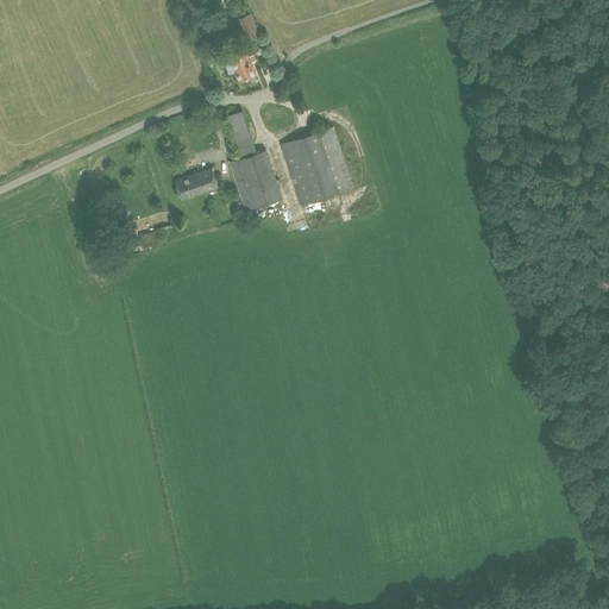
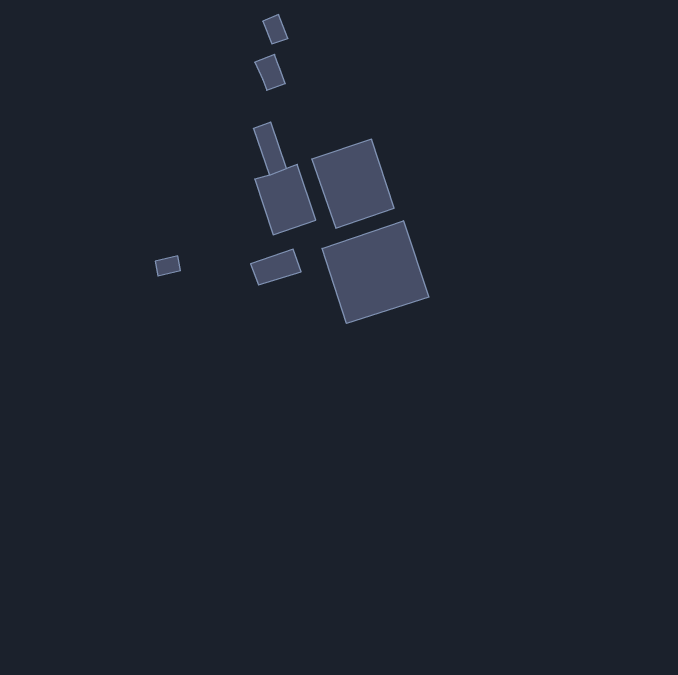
building: [174,169,219,201] -> [251,249,301,285]
building: none -> [322,221,429,323]

